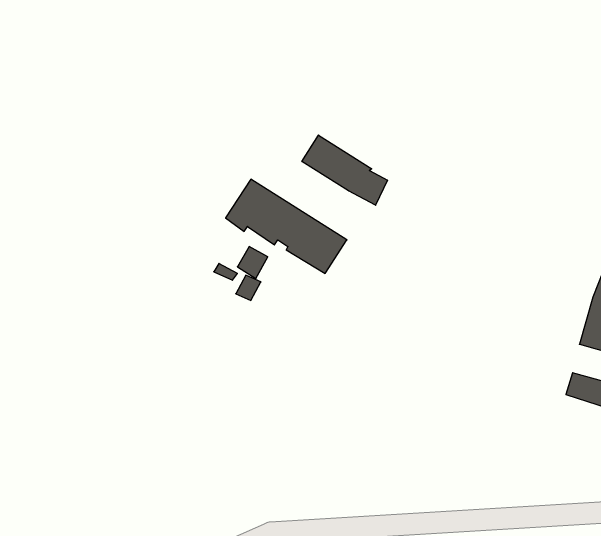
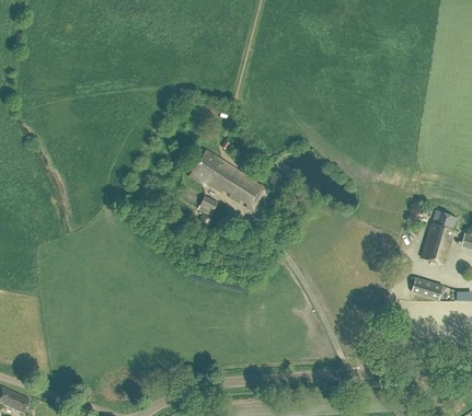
building: [302,135,387,205] -> none

